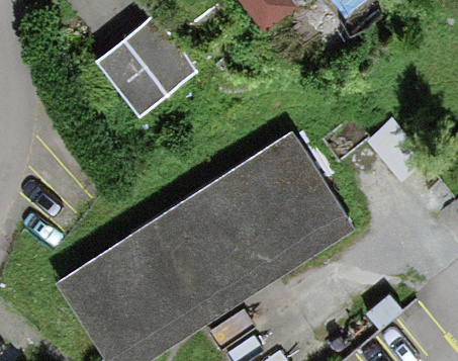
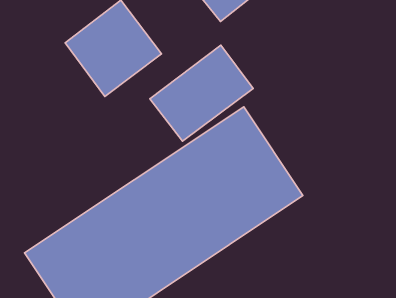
building: none -> [150,45,253,141]

